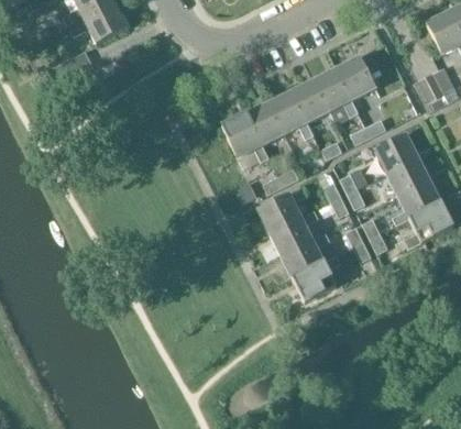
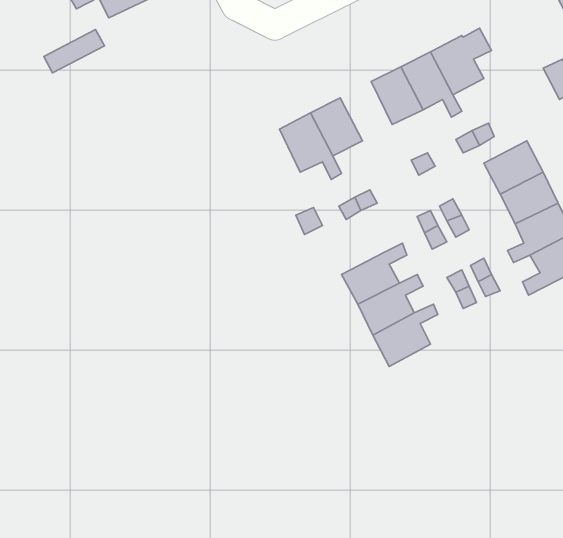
building: [267,89,312,139] -> none
building: [257,187,306,232] -> none

